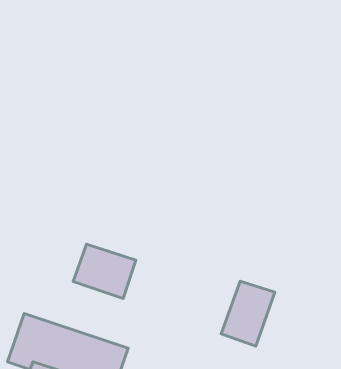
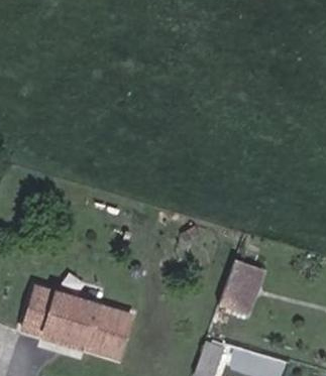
building: [73,244,136,298] -> none

